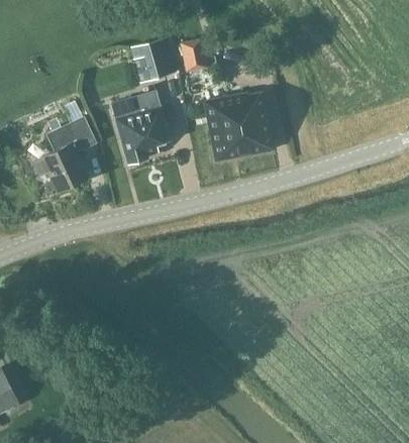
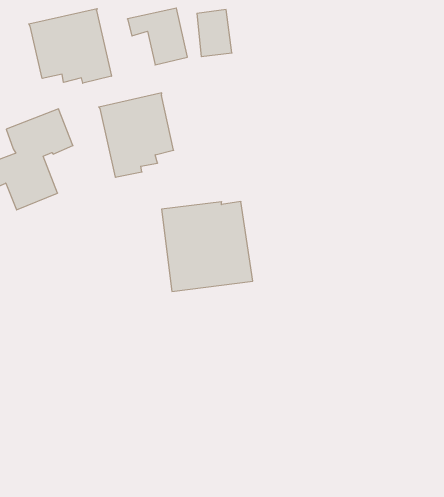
building: none -> [29,9,111,83]
building: [203,92,273,160] -> [162,202,253,291]

